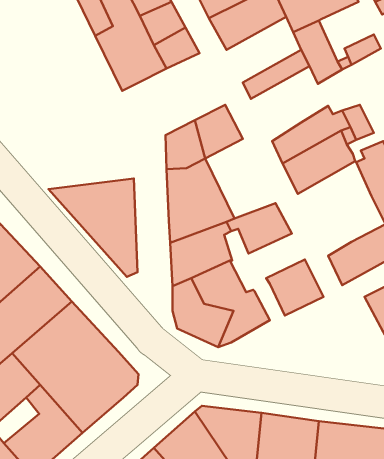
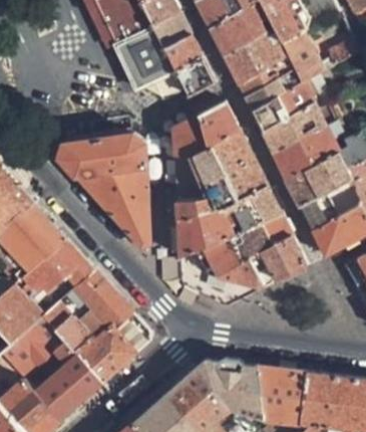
building: none -> [226,26,290,82]
building: none -> [174,57,215,95]
building: none -> [247,68,313,133]
building: none -> [208,131,268,199]
building: none -> [59,134,146,174]
building: none -> [287,150,350,231]
building: none -> [229,212,293,262]

